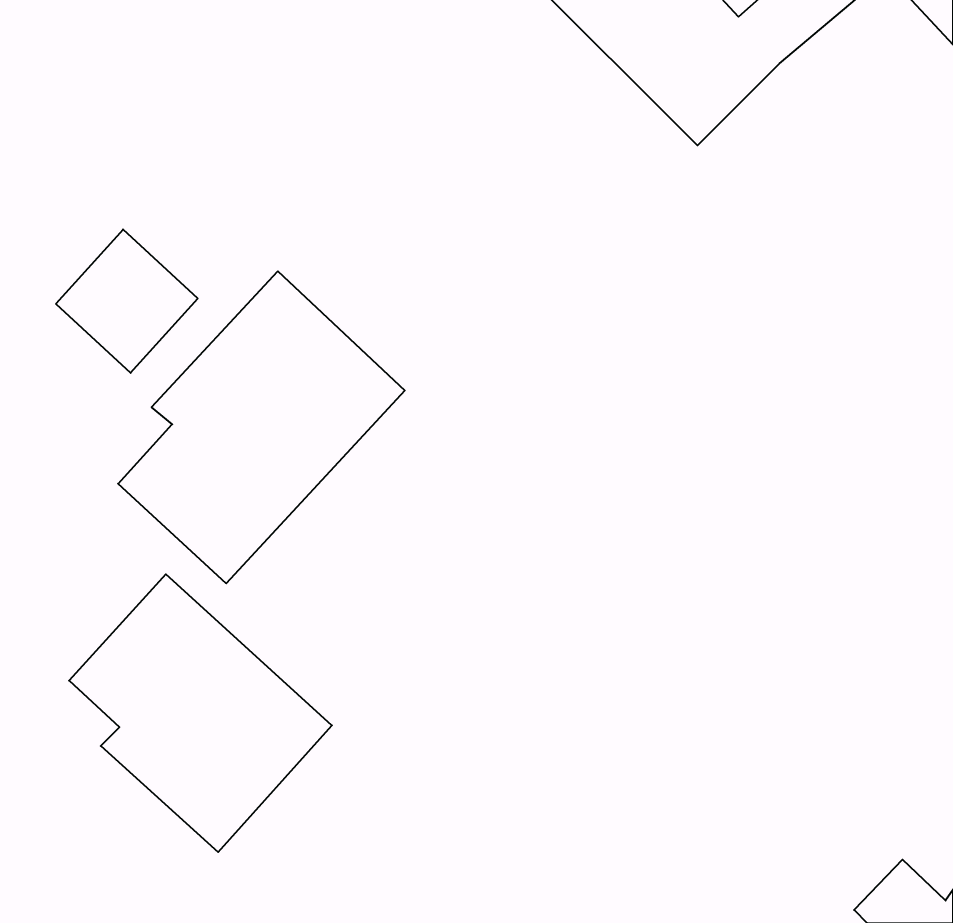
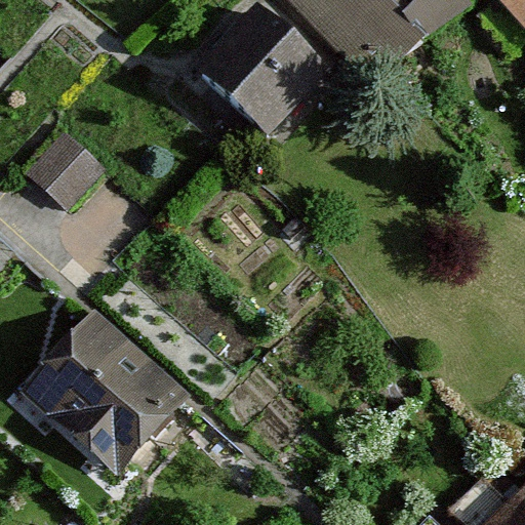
building: none -> [203,7,328,132]
building: [118,271,405,583] -> none

